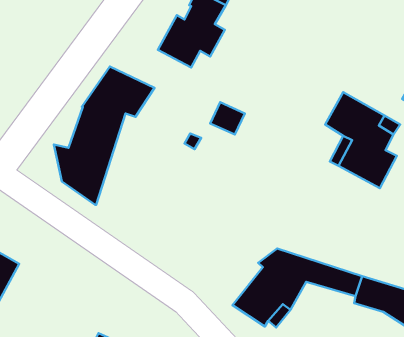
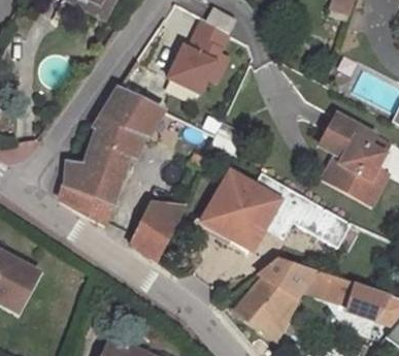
building: none -> [58,162,108,227]
building: none -> [201,171,351,247]
building: none -> [135,202,181,254]

